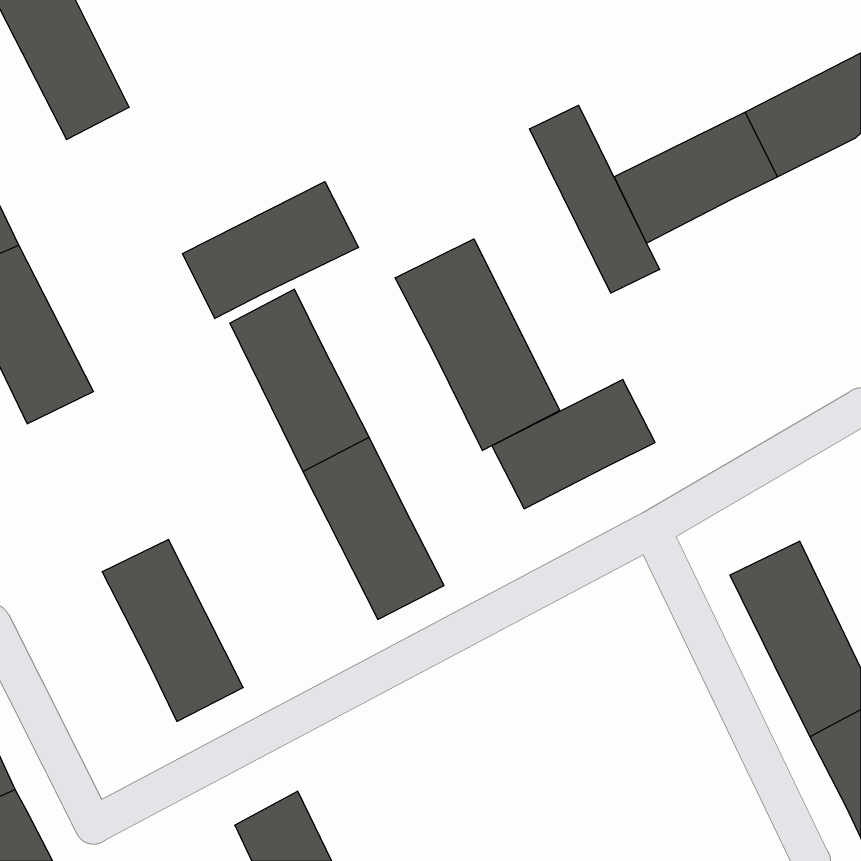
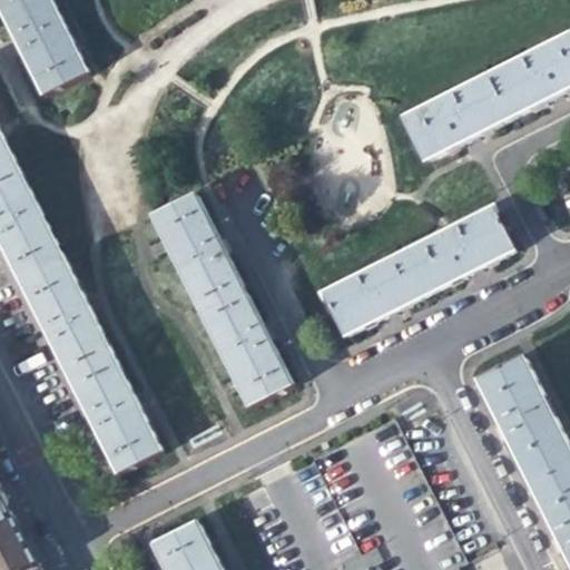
building: [530,105,660,293] -> none
building: [182,182,359,319] -> none
building: [395,239,560,451] -> none
building: none -> [407,205,512,289]
building: none -> [18,256,110,374]

